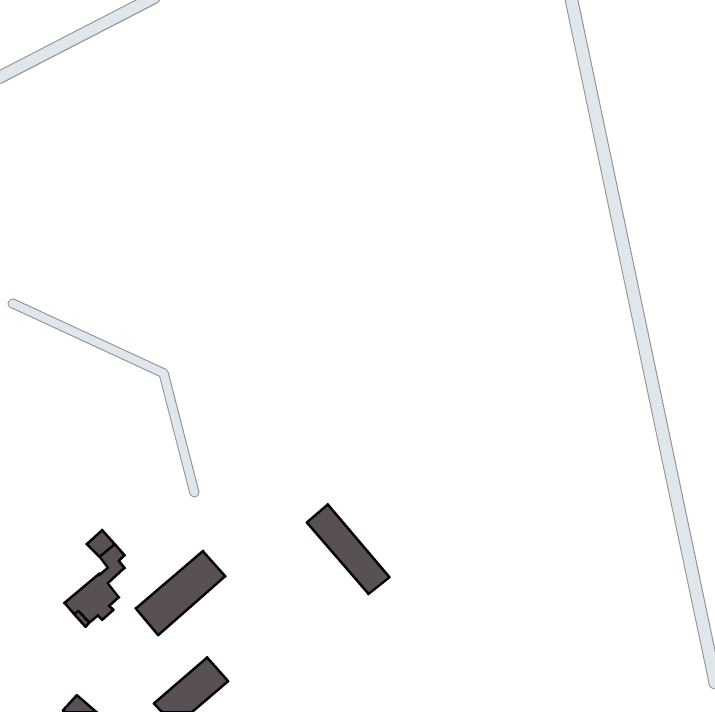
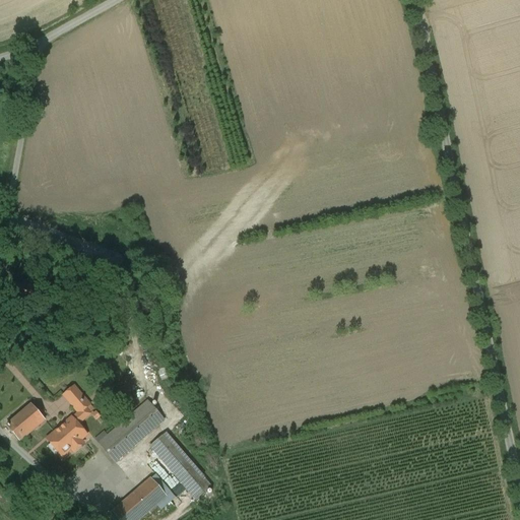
building: [307,504,389,594] -> [150,433,210,498]
building: none -> [6,403,45,440]

